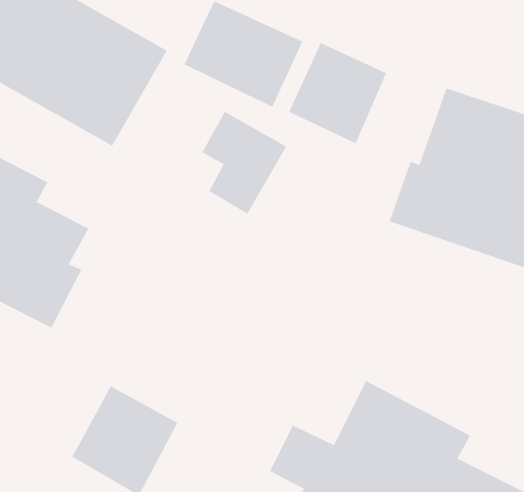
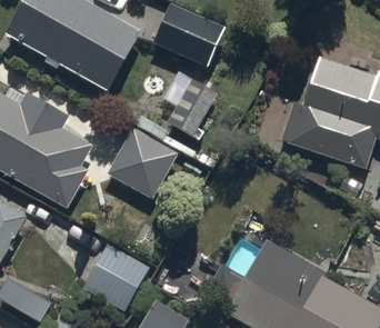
building: [288,42,387,144] -> none
building: none -> [106,113,178,198]

